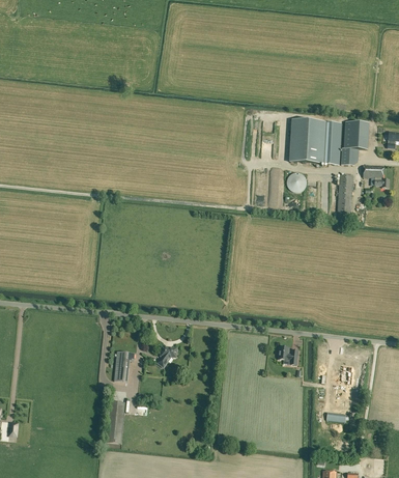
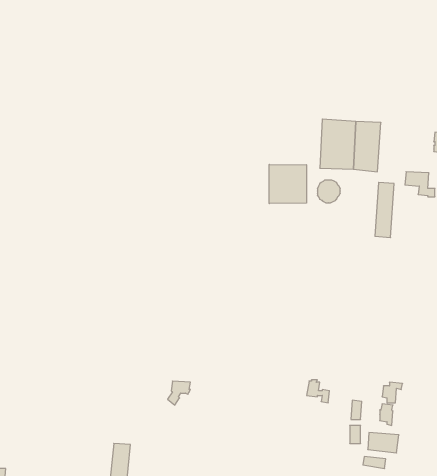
building: [341,123,369,165] -> none
building: none -> [269,164,306,204]
building: [114,352,135,382] -> none

